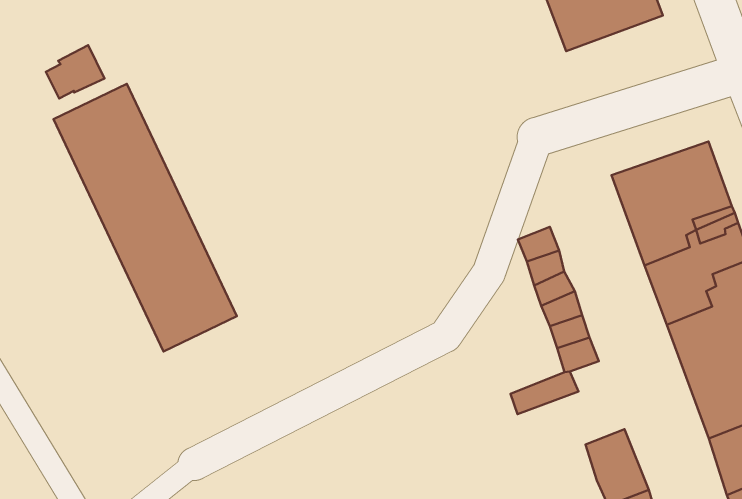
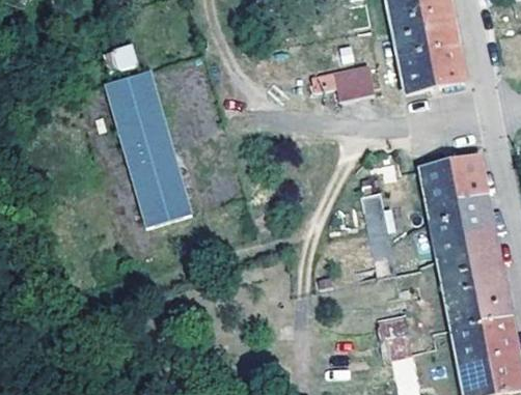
building: none -> [331,63,373,98]

